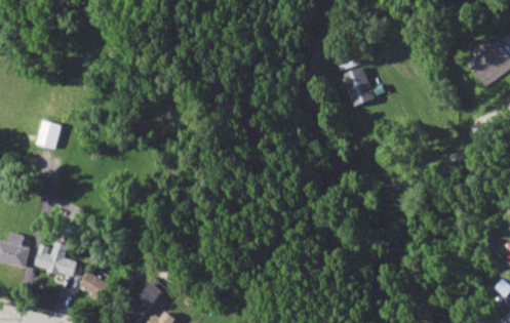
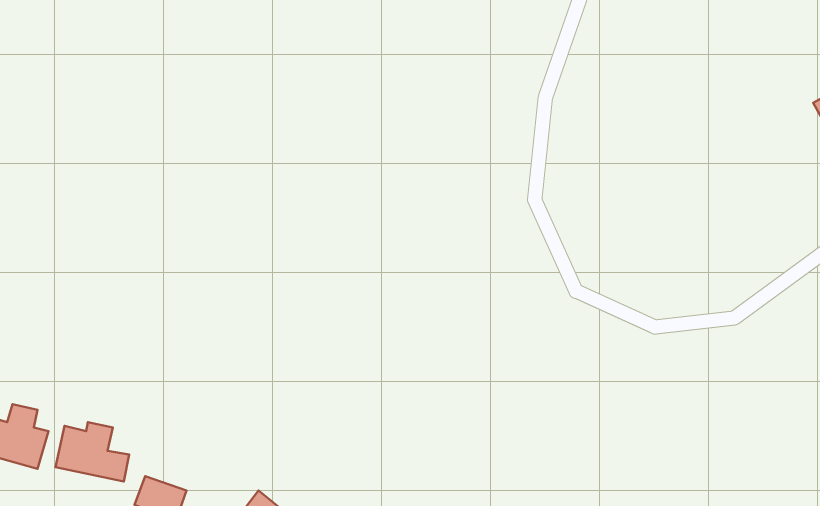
building: [342,66,377,107] -> none
building: [36,120,61,149] -> none

